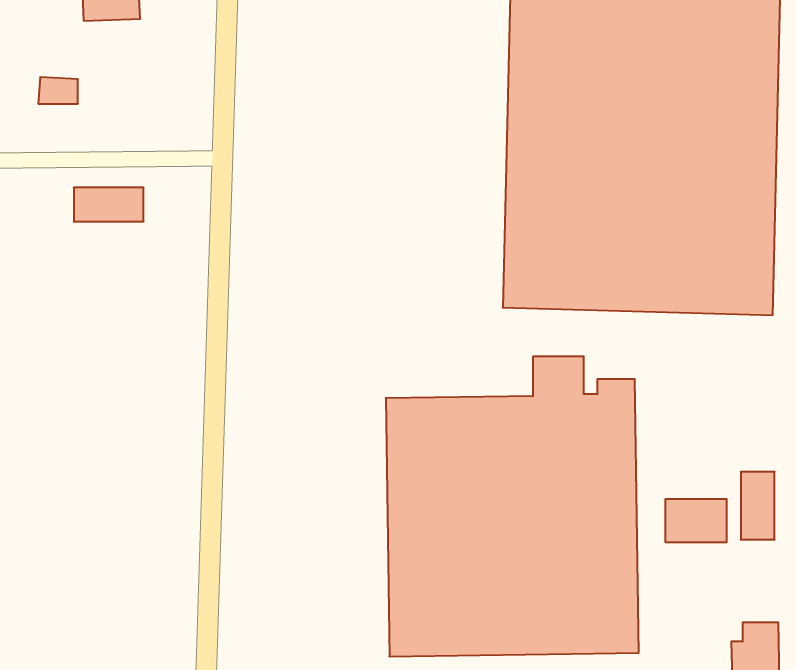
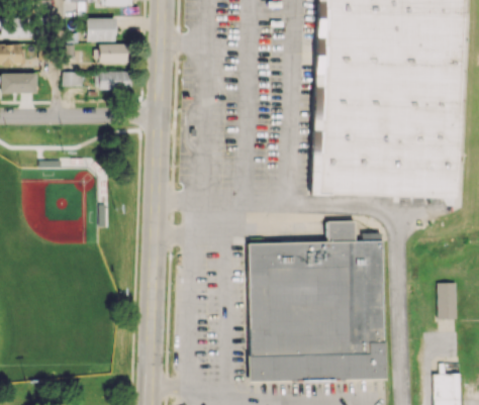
building: none -> [100,42,130,63]
building: [74,188,144,222] -> [96,71,133,89]
building: [666,499,727,542] -> none

